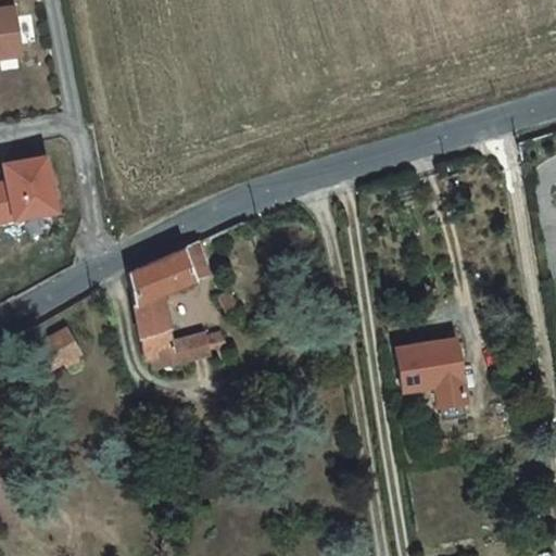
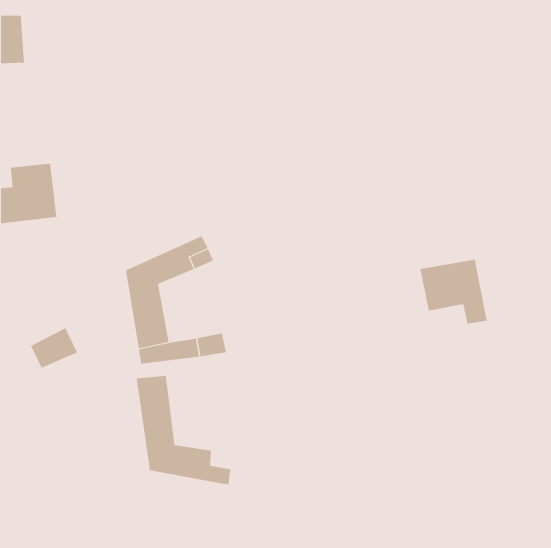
building: [393,333,462,399] -> [419,259,487,324]
building: none -> [136,375,231,485]

